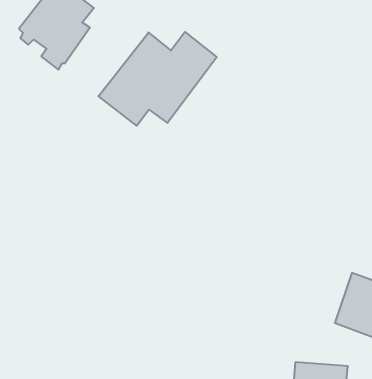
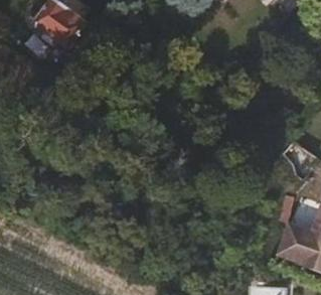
building: [98,32,217,126] -> none

